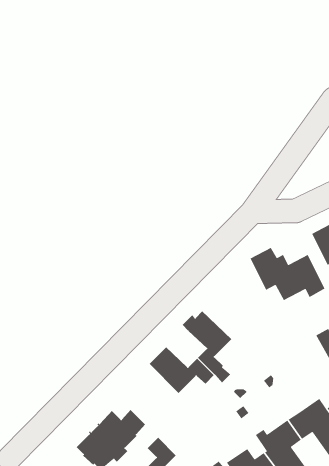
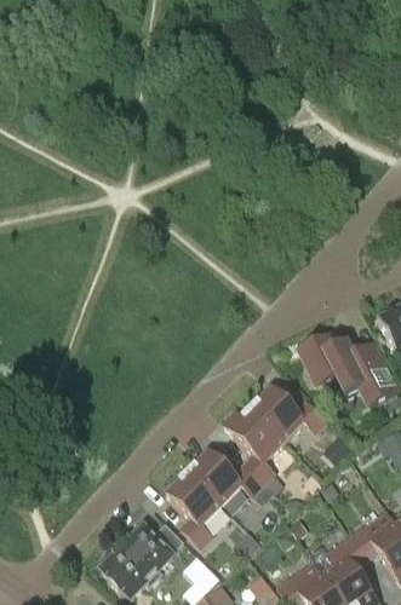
building: none -> [250,386,327,442]
building: none -> [166,471,222,548]

